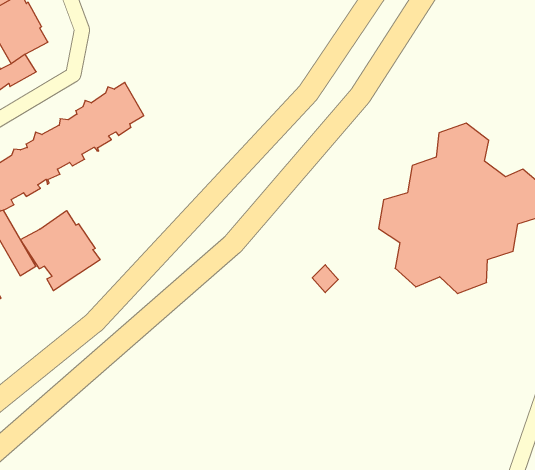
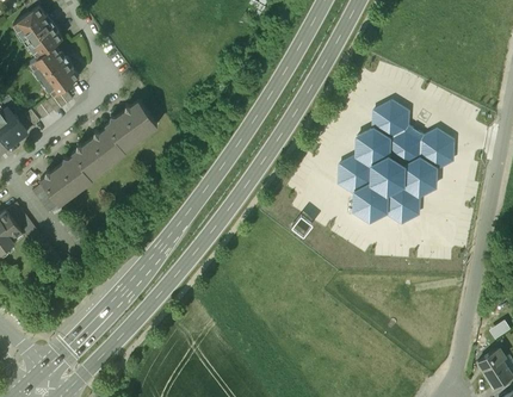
building: [21,211,100,291] -> none

